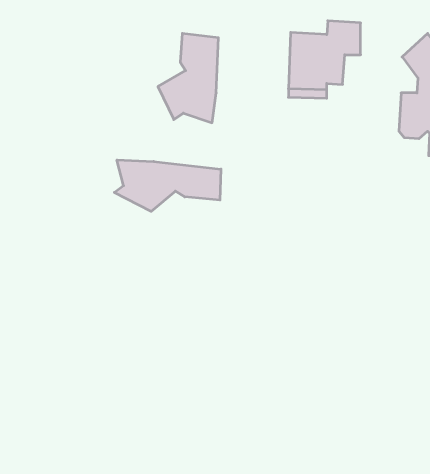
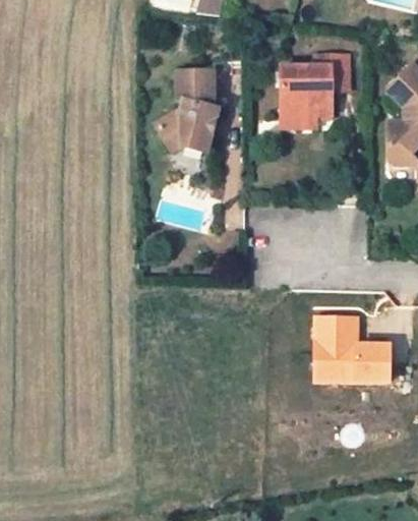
building: [114,160,221,211] -> none
building: none -> [322,323,399,389]

